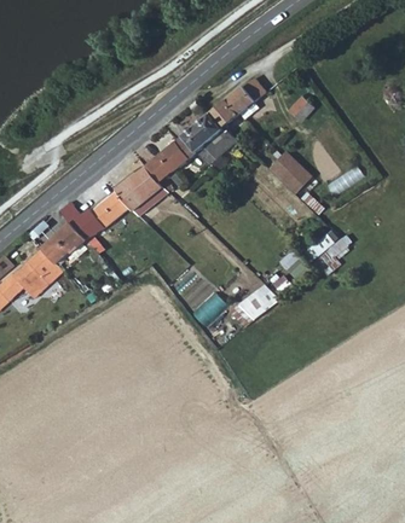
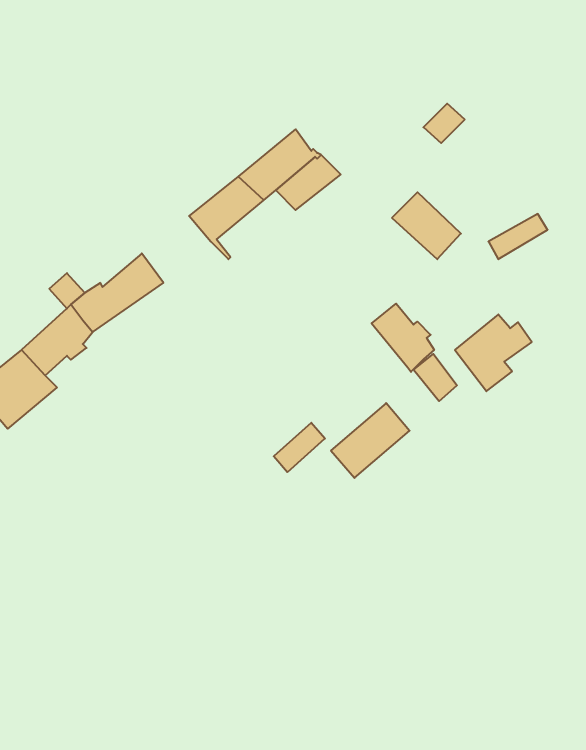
building: [209,77,265,128] -> none
building: [115,167,168,213] -> none
building: none -> [372,304,434,372]

